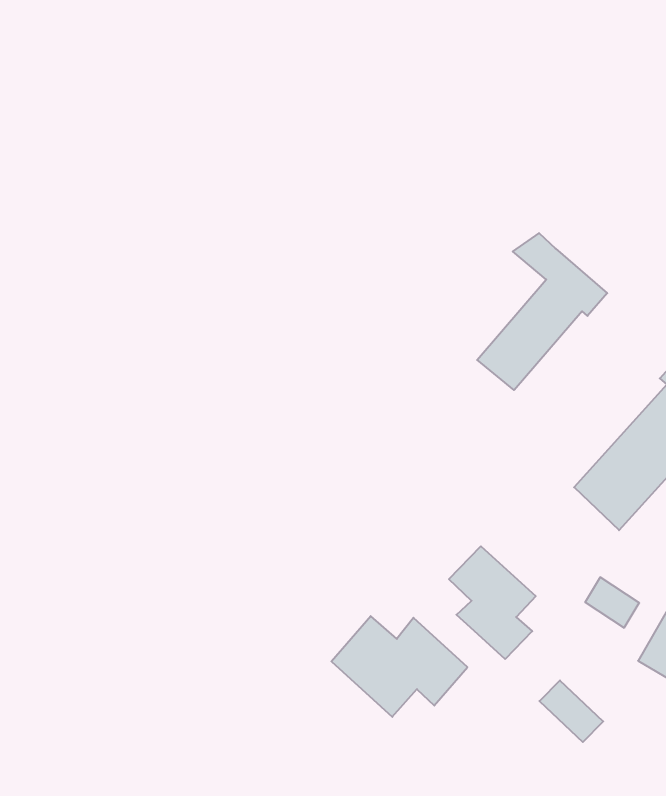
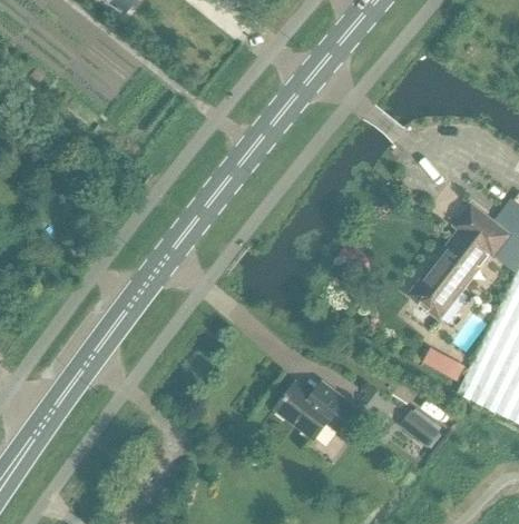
building: [477,233,607,390] -> none
building: [449,546,536,659] -> none

